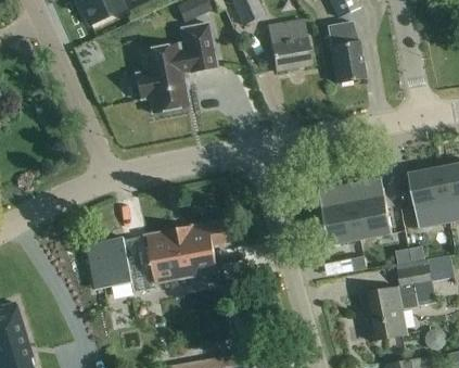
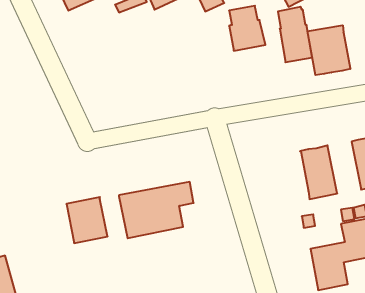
building: [135,23,216,112] -> none
building: none -> [308,25,350,75]
building: [320,183,361,244] -> none
building: [125,234,155,289] -> none

